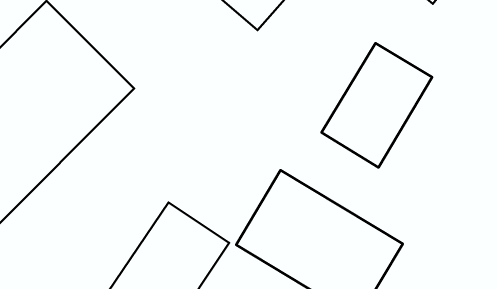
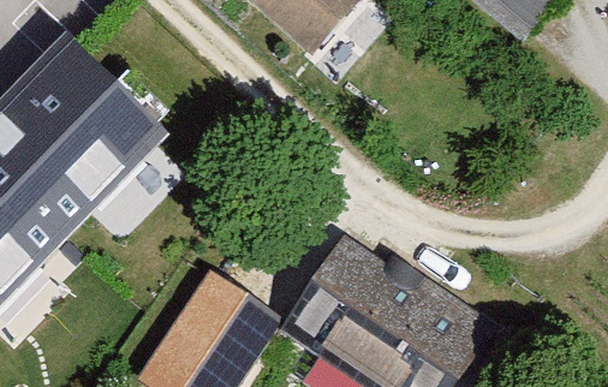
building: [321,43,432,168] -> none

